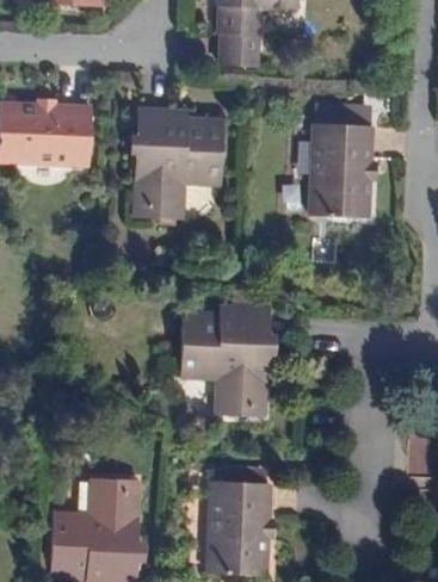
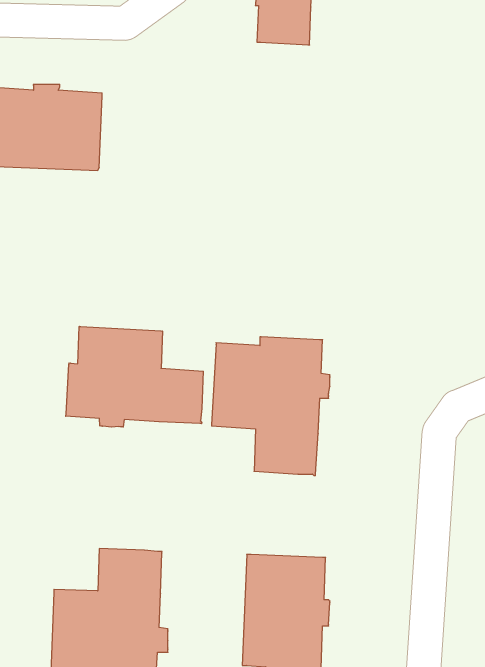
building: [128,106,224,219] -> none
building: [307,123,378,222] -> none
building: none -> [66,326,203,427]

